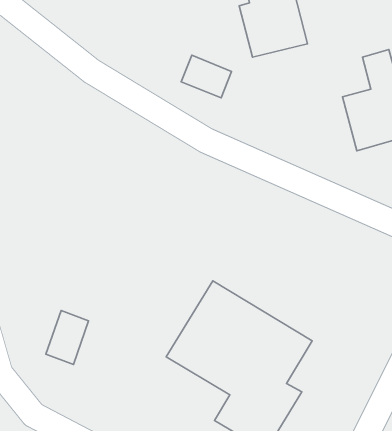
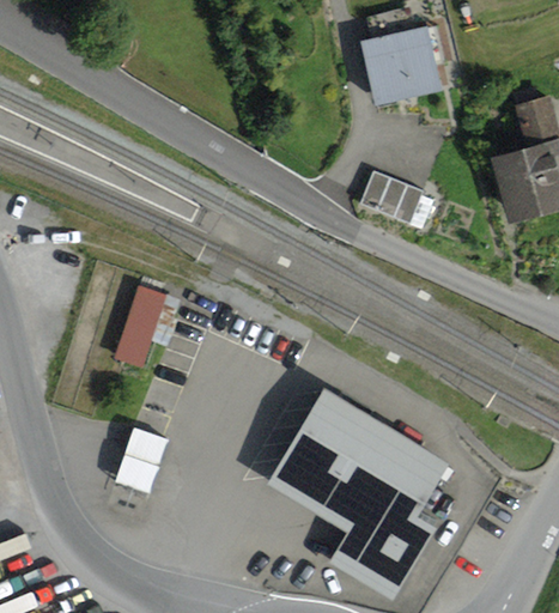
building: [181,55,232,98] -> [360,168,424,221]
building: none -> [111,283,178,369]

